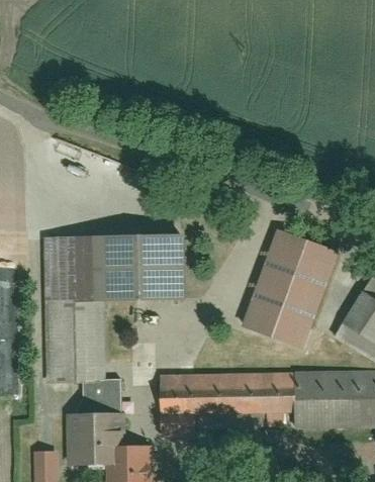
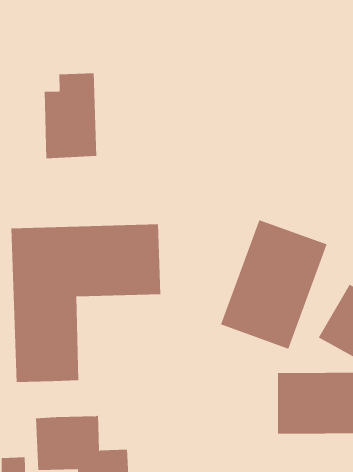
building: none -> [44,72,97,159]
building: [160,372,293,438] -> none
building: [83,379,122,413] -> none

